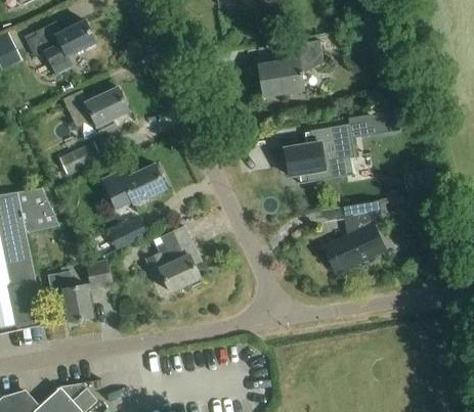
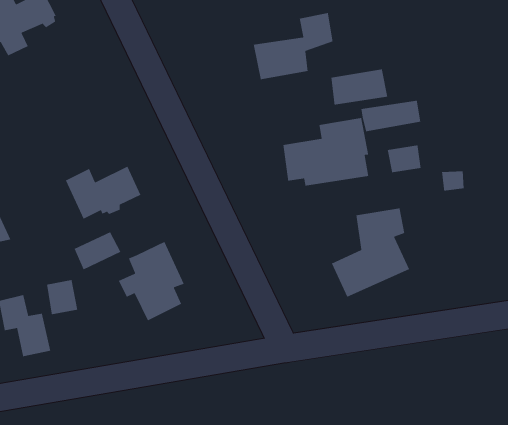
building: none -> [331,68,388,105]
building: [62,88,129,136] -> none
building: [66,142,99,170] -> none
building: none -> [387,144,421,173]

